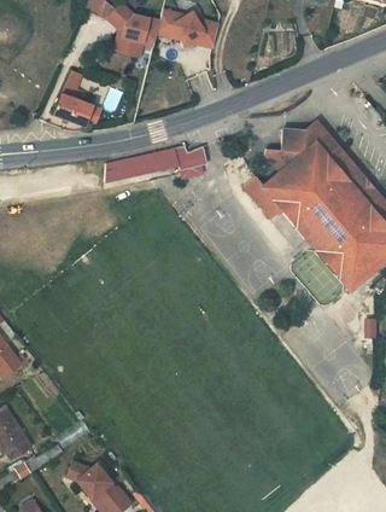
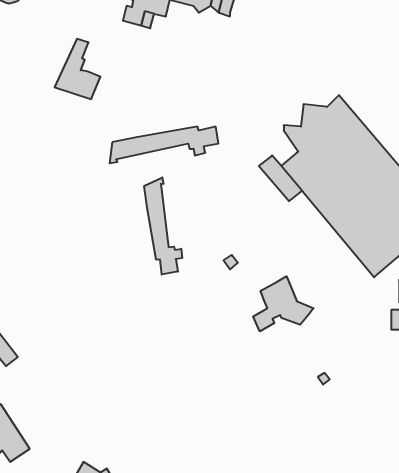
building: none -> [144,177,182,275]
building: none -> [253,276,314,331]

